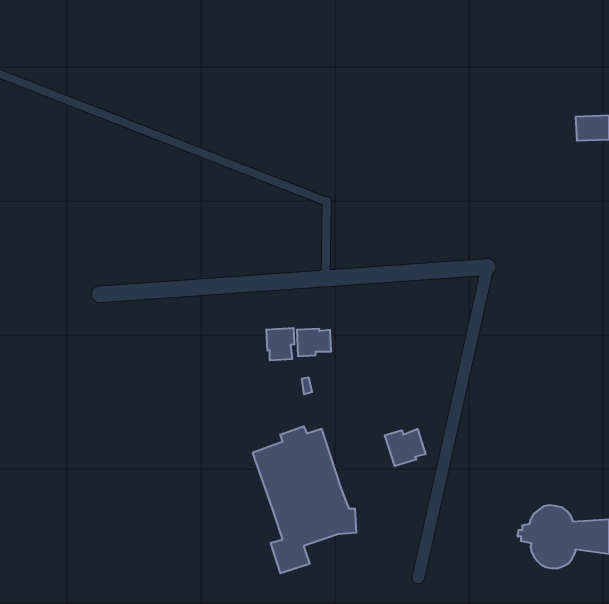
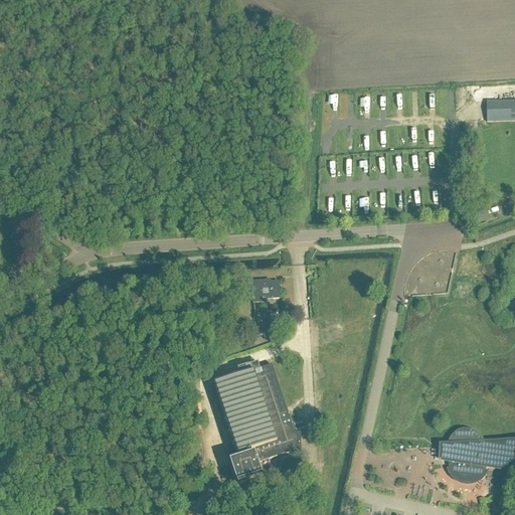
building: [266,328,294,360] -> none
building: [385,429,426,466] -> none

